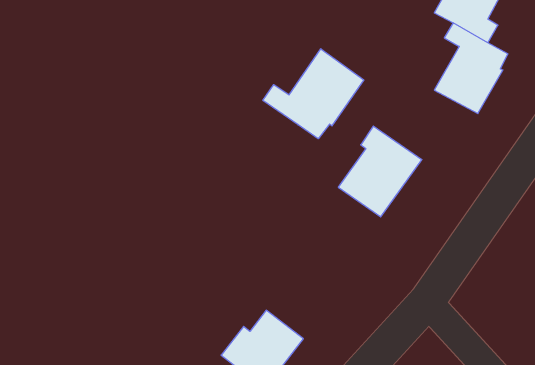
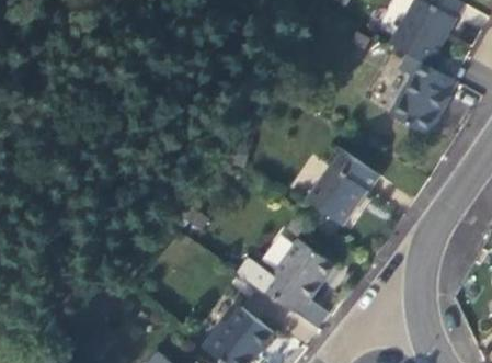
building: [263,49,364,139] -> none
building: none -> [238,240,334,314]

